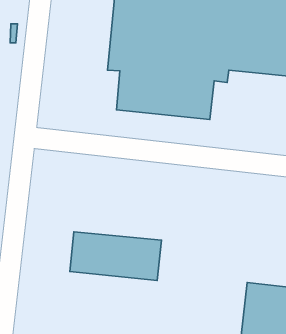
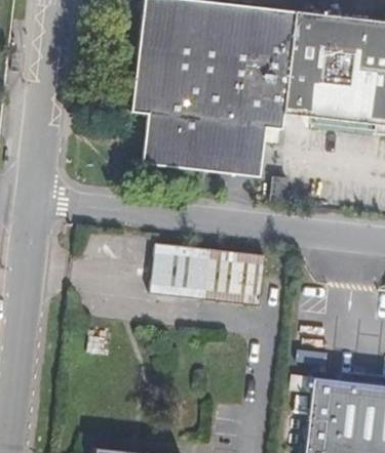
building: [70,232,161,281] -> [148,244,262,304]

